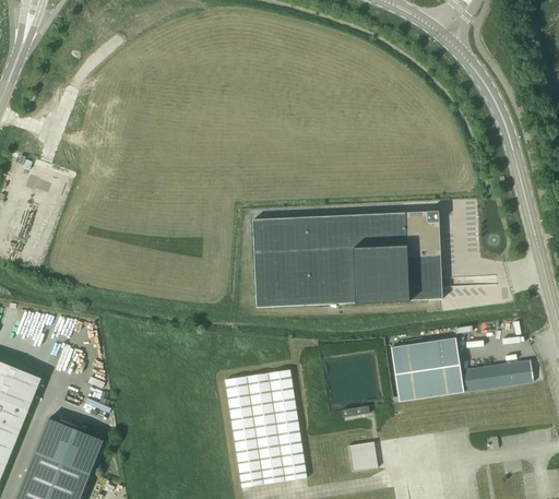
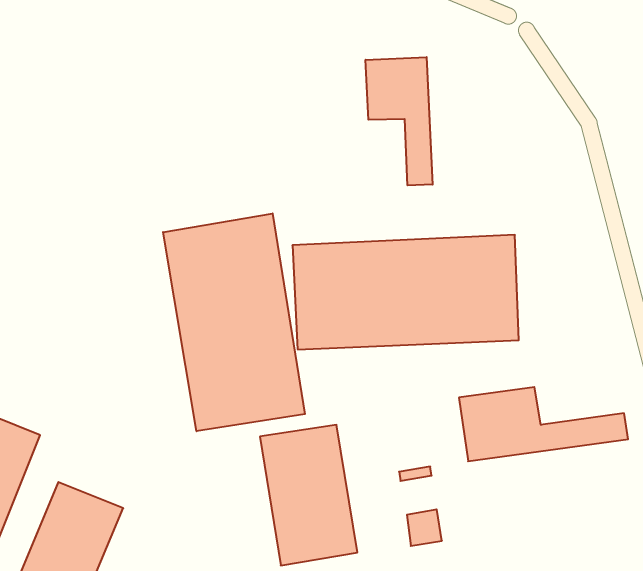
building: none -> [366,57,433,185]
building: none -> [163,213,305,431]

